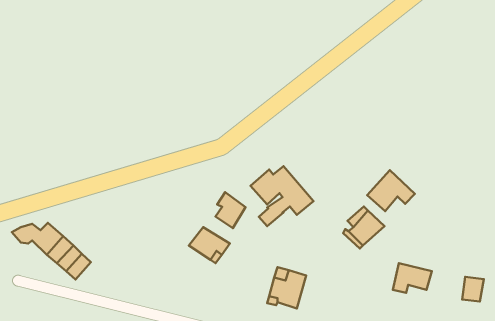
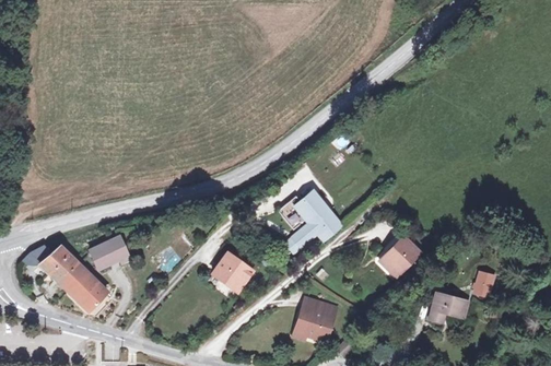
building: [367,170,415,211] -> none
building: [216,192,245,228] -> none
building: none -> [92,241,128,269]
building: [462,277,484,302] -> [472,272,495,298]

